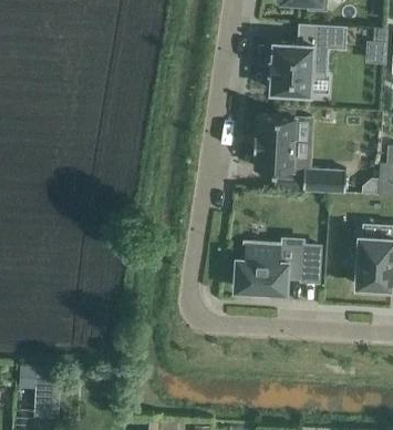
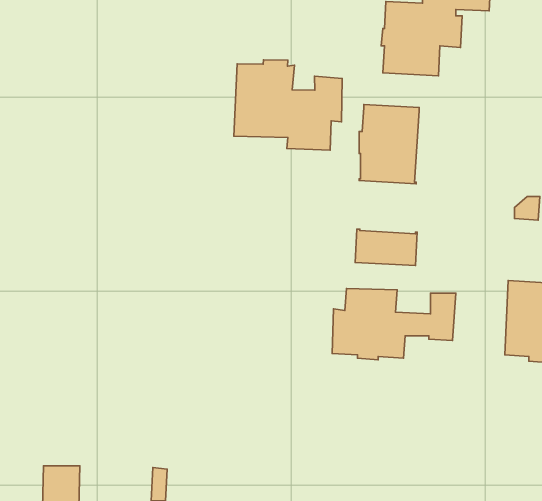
building: none -> [234,60,342,150]
building: [302,168,345,194] -> [355,229,417,266]

